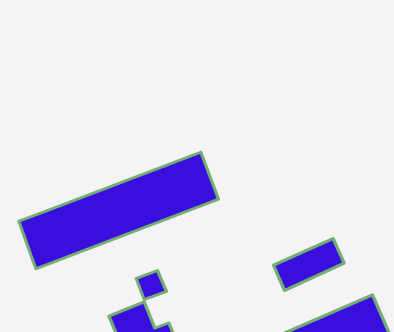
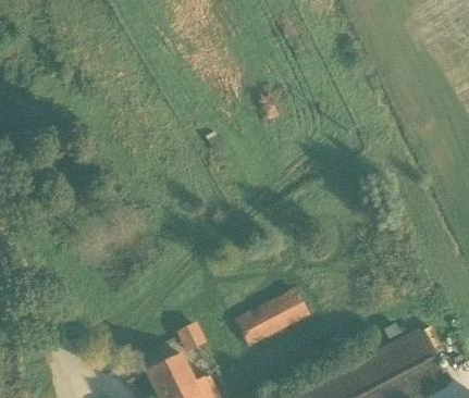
building: [19,152,219,269] -> none
building: [273,239,344,291] -> [234,289,308,347]

